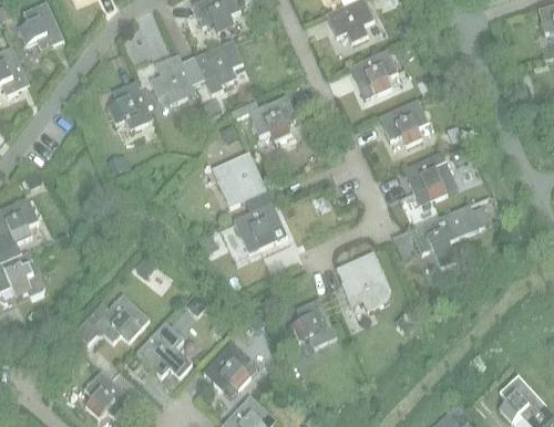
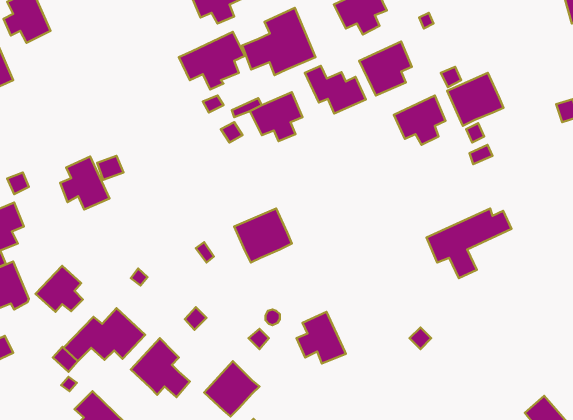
building: none -> [242,8,316,75]
building: [151,55,195,104] -> none
building: none -> [305,66,366,114]
building: [107,82,153,131] -> [60,157,109,209]
building: [212,153,266,208] -> none
building: [403,154,455,202] -> [447,73,504,126]
building: [335,250,389,311] -> none
building: none -> [35,266,83,312]

